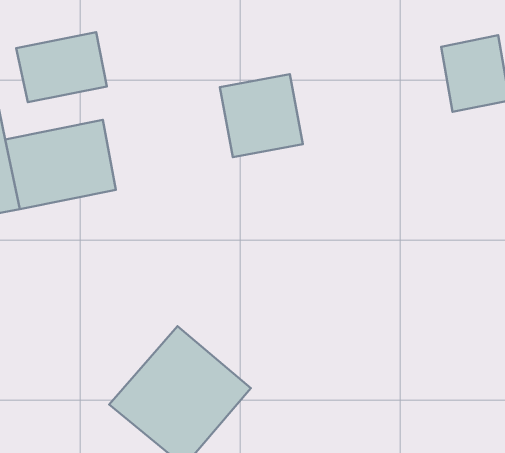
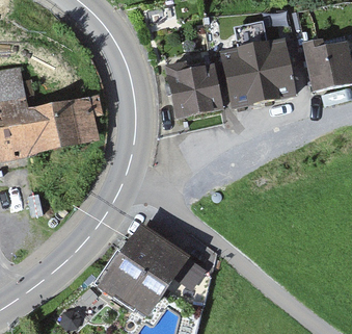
building: [16,32,107,102] -> none
building: none -> [223,41,294,107]

